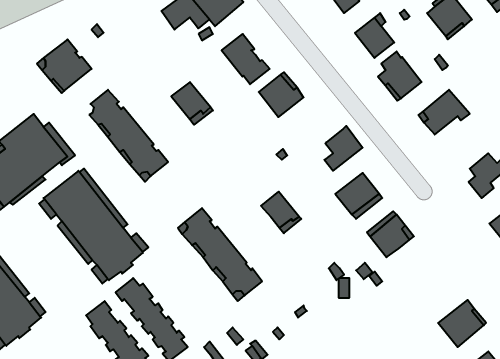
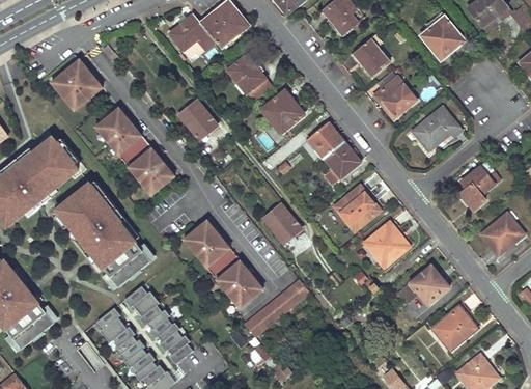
building: none -> [308,124,341,157]
building: none -> [397,266,448,303]
building: none -> [245,280,309,337]

